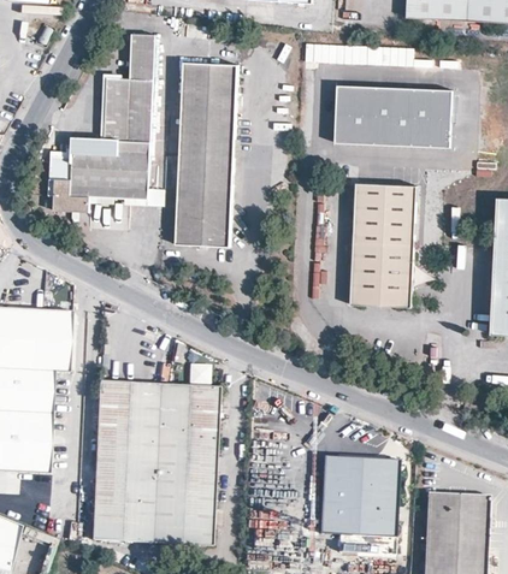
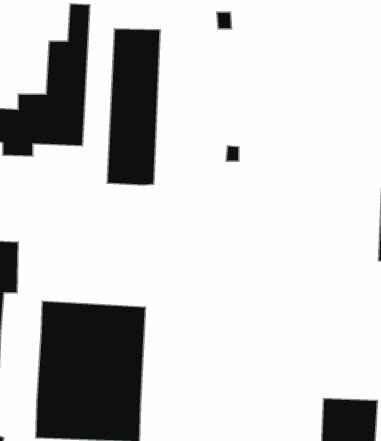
building: [331,81,448,149] -> none
building: [349,183,415,304] -> none
building: [319,456,398,534] -> none

